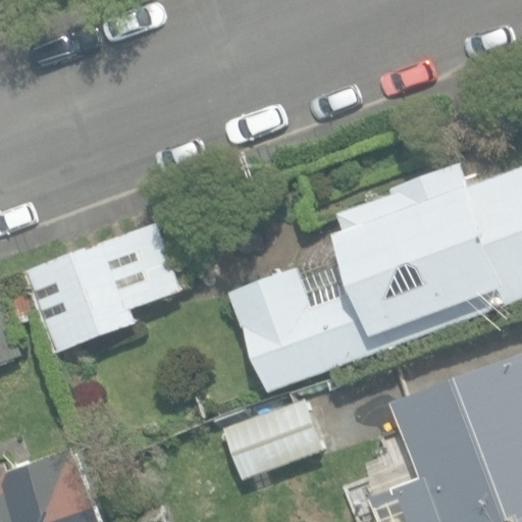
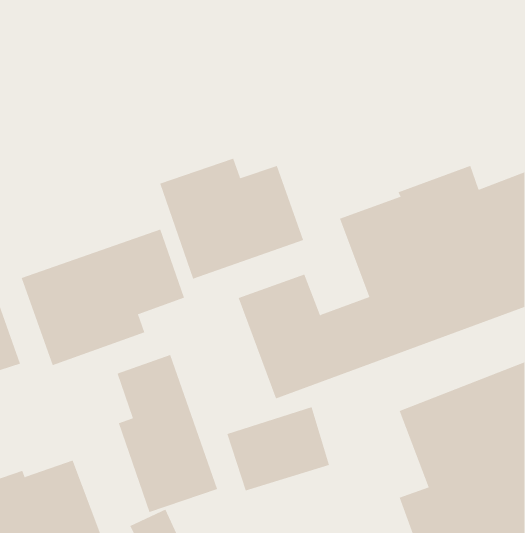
building: none -> [159,158,304,280]
building: none -> [117,354,218,513]

